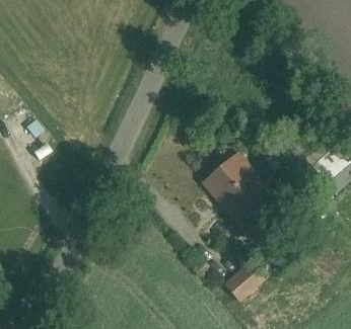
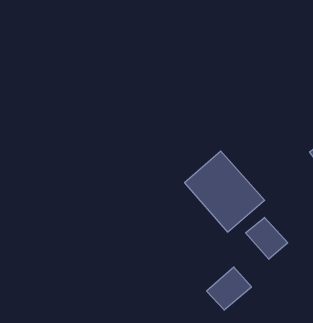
building: none -> [246,217,288,259]

